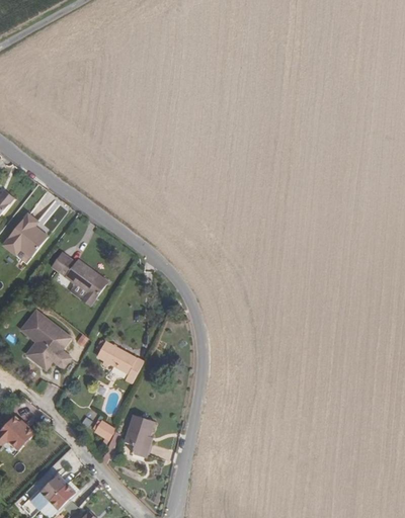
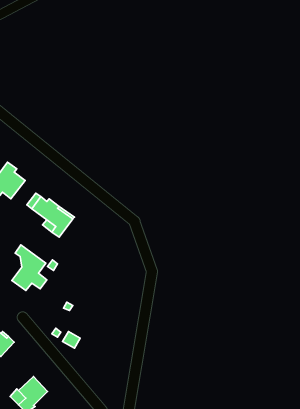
building: [22,310,44,357] -> none
building: [96,340,143,382] -> none
building: [123,413,154,457] -> none

